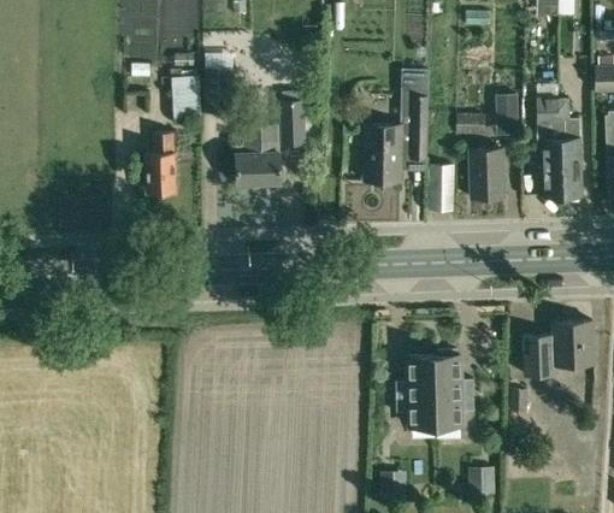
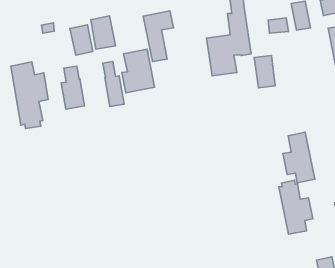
building: none -> [11,62,48,128]
building: none -> [103,61,124,106]
building: [470,149,504,199] -> none
building: [396,356,436,428] -> [283,132,315,183]

